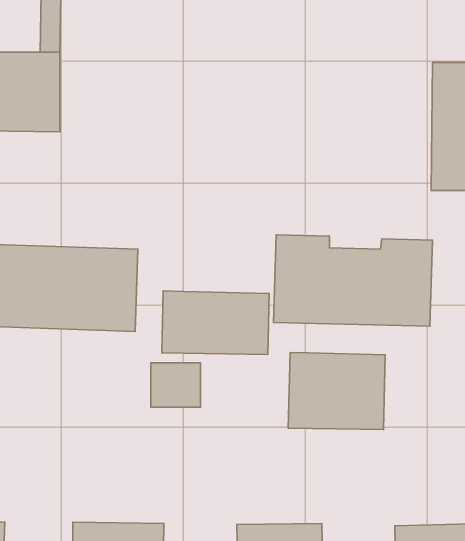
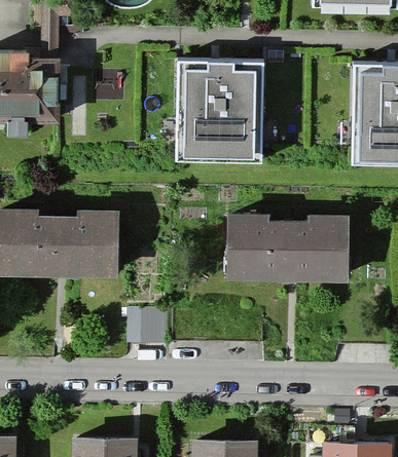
building: none -> [173,64,262,166]
building: [162,291,269,354] -> none
building: [288,352,385,429] -> none

